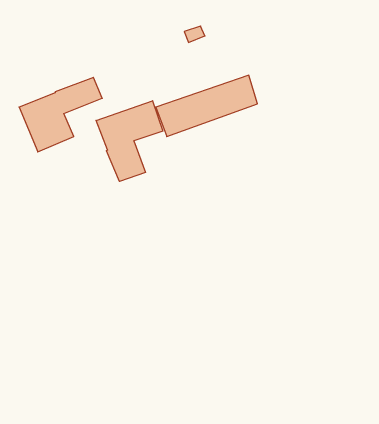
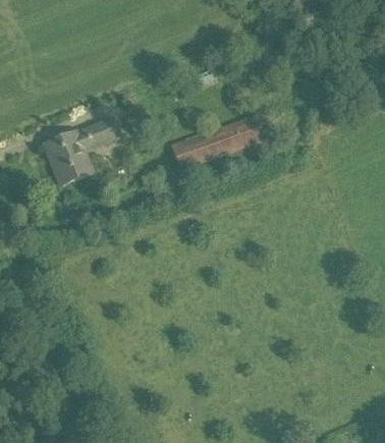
building: [96,101,163,181] -> none

